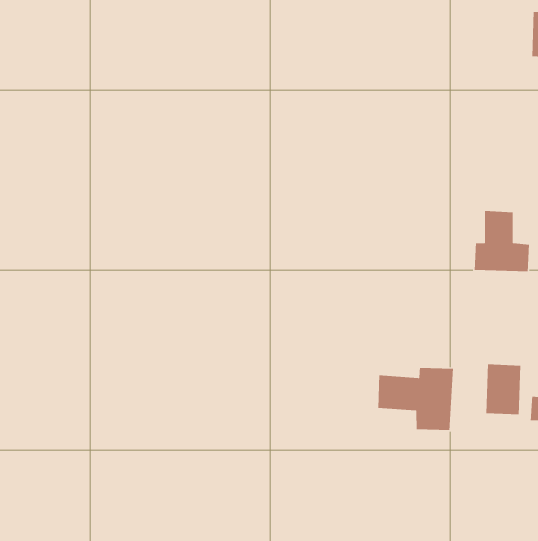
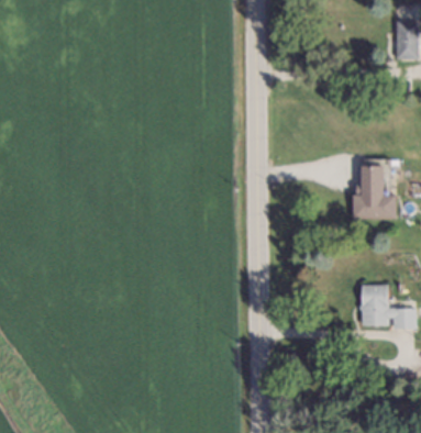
building: [378,367,454,431] -> none

